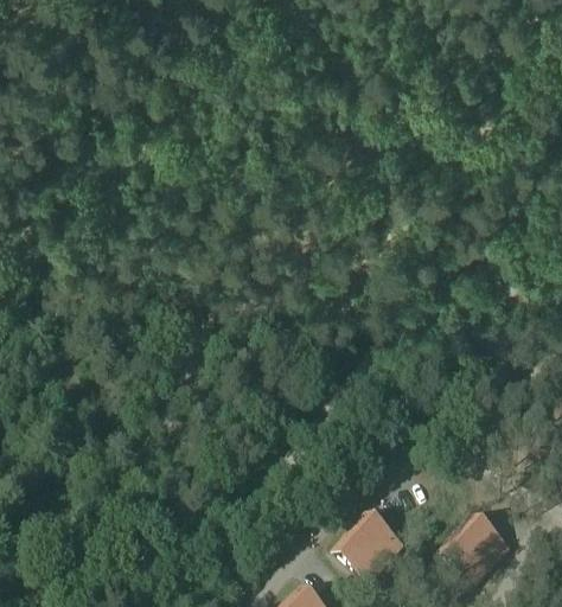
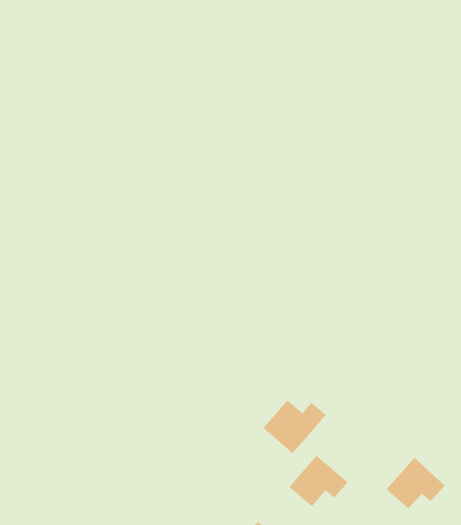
building: none -> [262,399,327,454]

